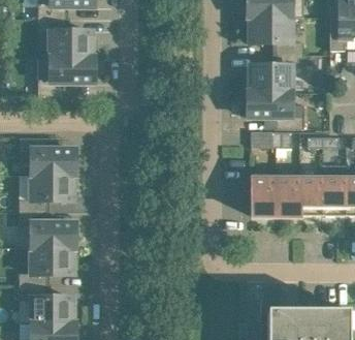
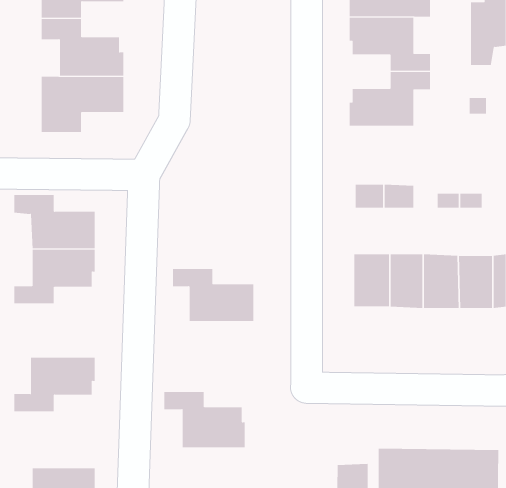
building: [247,90,302,127] -> none
building: [19,211,74,247] -> [172,269,254,322]
building: [19,284,74,322] -> [164,391,246,448]

